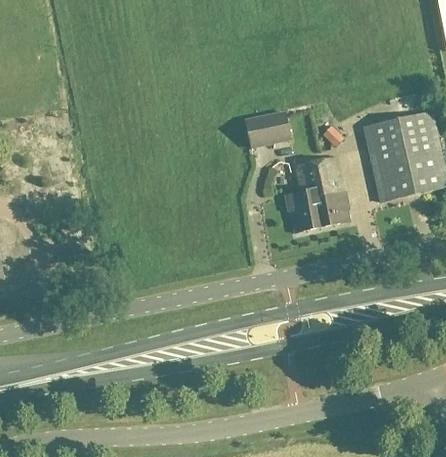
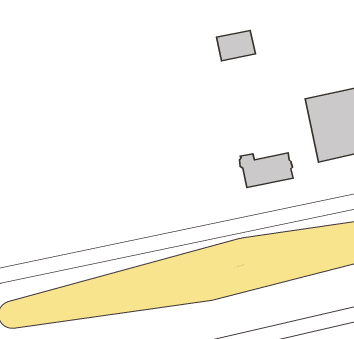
building: [245,110,291,146] -> [217,30,255,61]
building: [296,156,344,198] -> none

